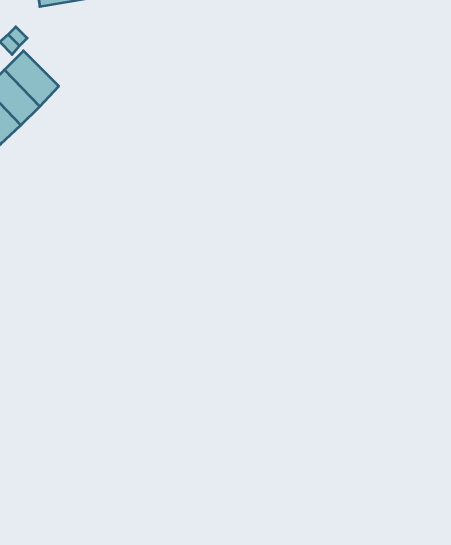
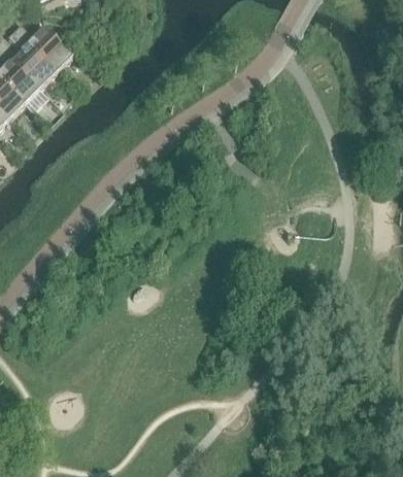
building: none -> [27,26,72,71]

